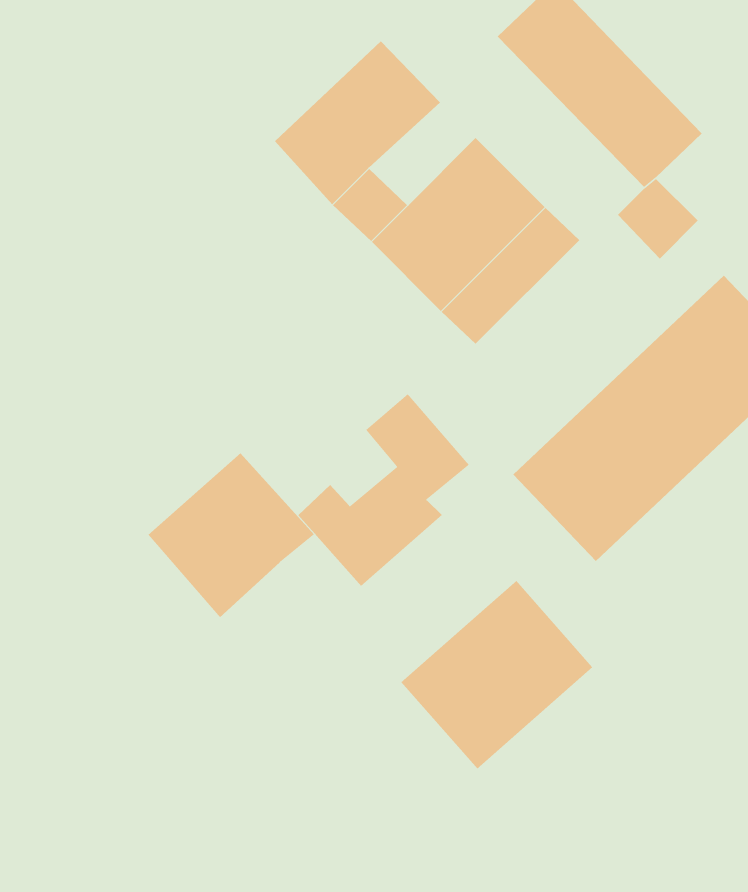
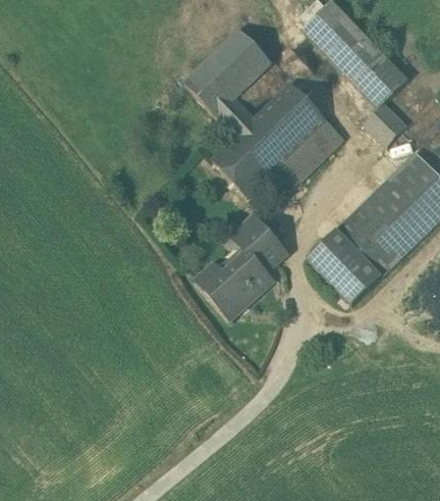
building: none -> [212,136,271,195]
building: [147,453,315,618] -> none
building: [400,580,593,769] -> none

